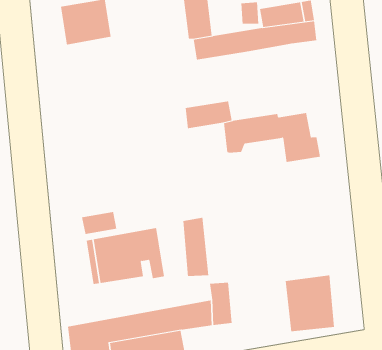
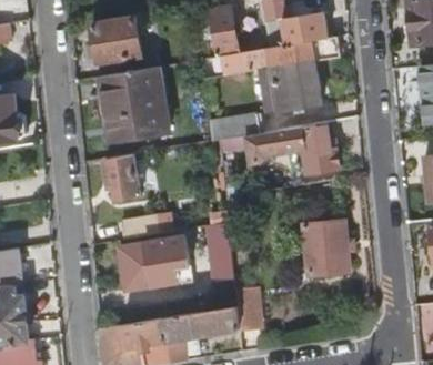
building: none -> [265,60,319,109]
building: none -> [100,64,172,141]
building: none -> [81,153,141,200]
building: [285,275,335,332] -> [301,220,349,274]

